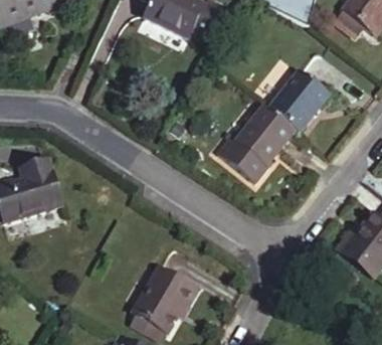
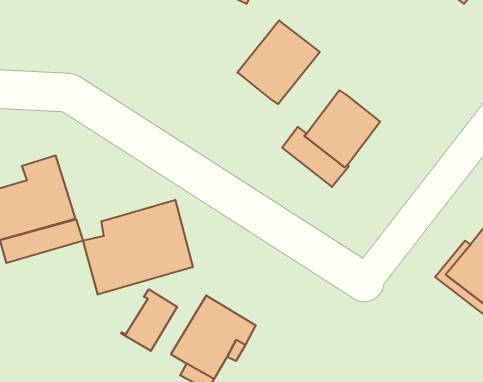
building: [269,68,333,133] -> [237,20,320,104]
building: none -> [83,200,193,295]
building: none -> [121,289,177,351]

